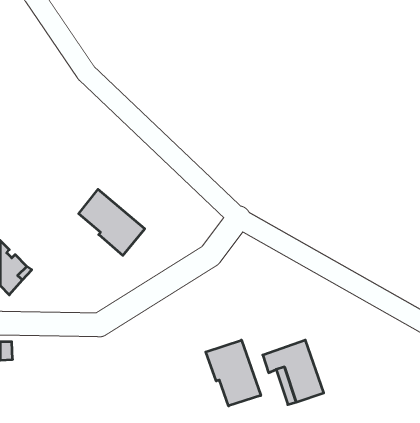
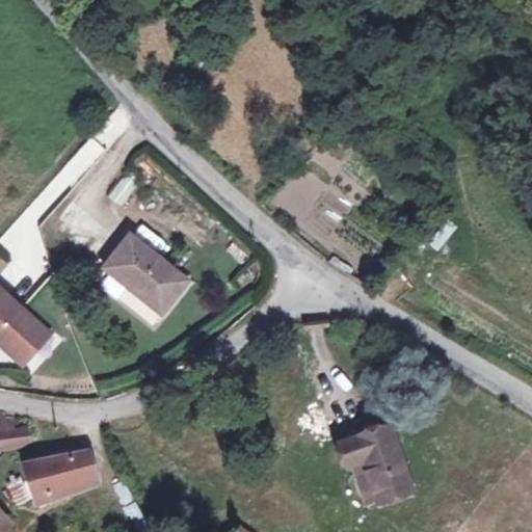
building: [206,340,261,406] -> none
building: none -> [17,452,91,494]

